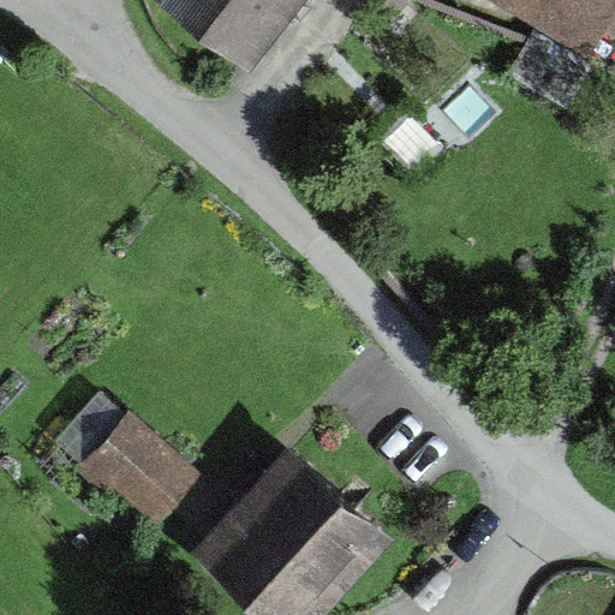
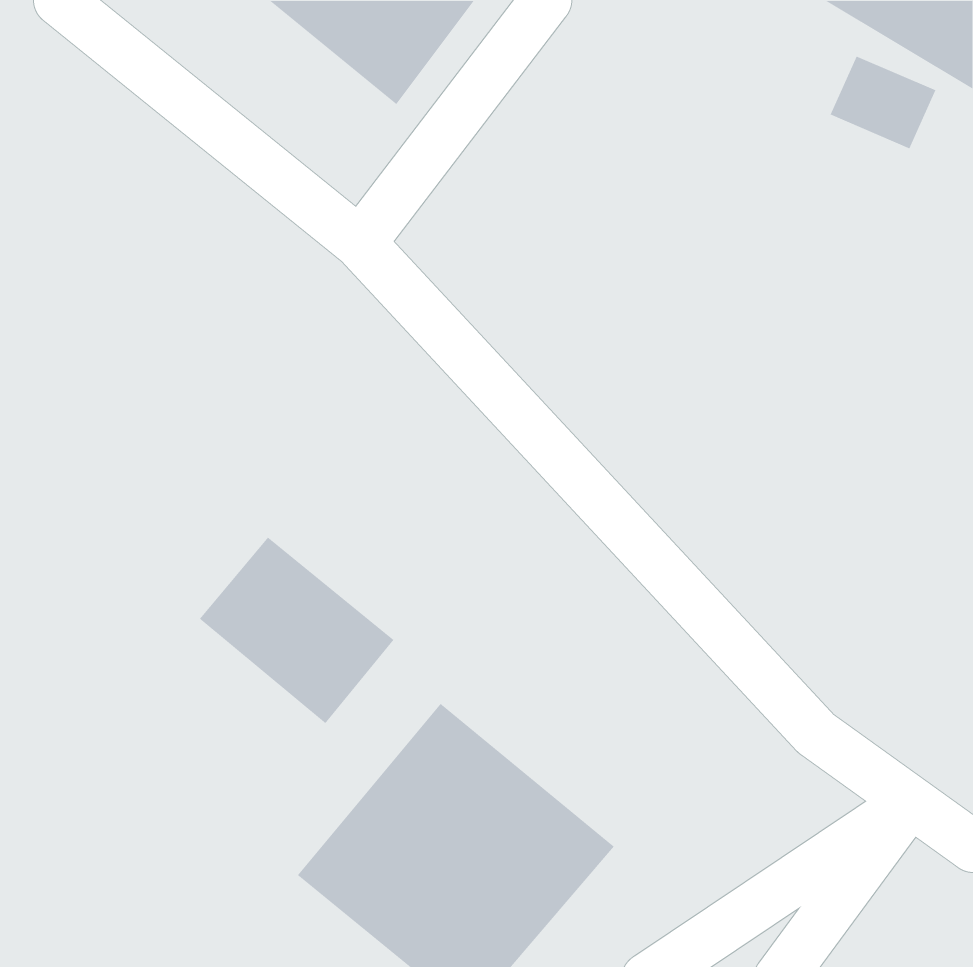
building: [84,410,207,527] -> [199,536,394,724]

